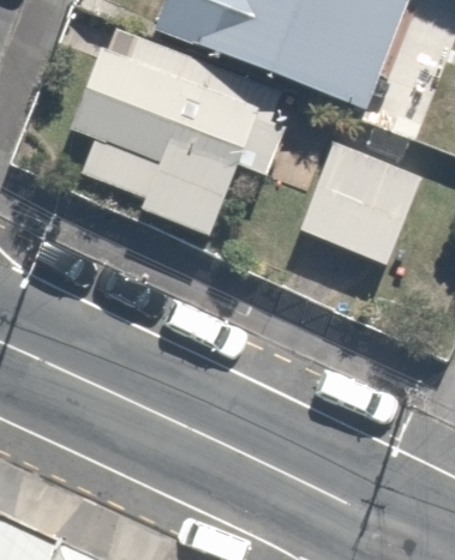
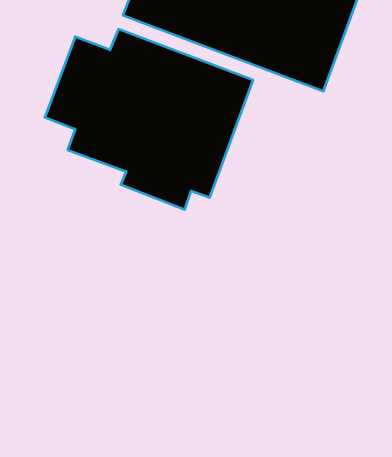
building: [295,138,425,269] -> none

